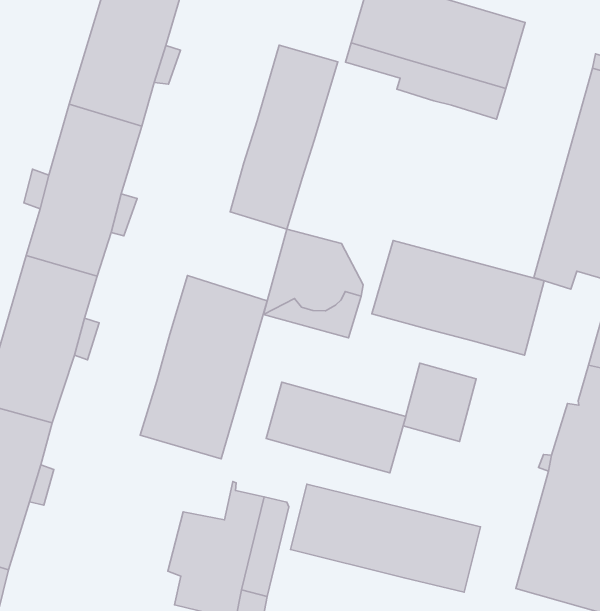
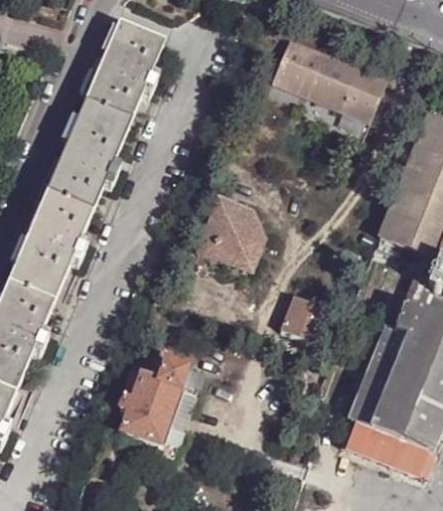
building: [230,45,338,229] -> none
building: [372,241,544,355] -> none
building: [140,276,267,459] -> none
building: [266,382,406,473] -> none
building: [291,484,480,592] -> none

